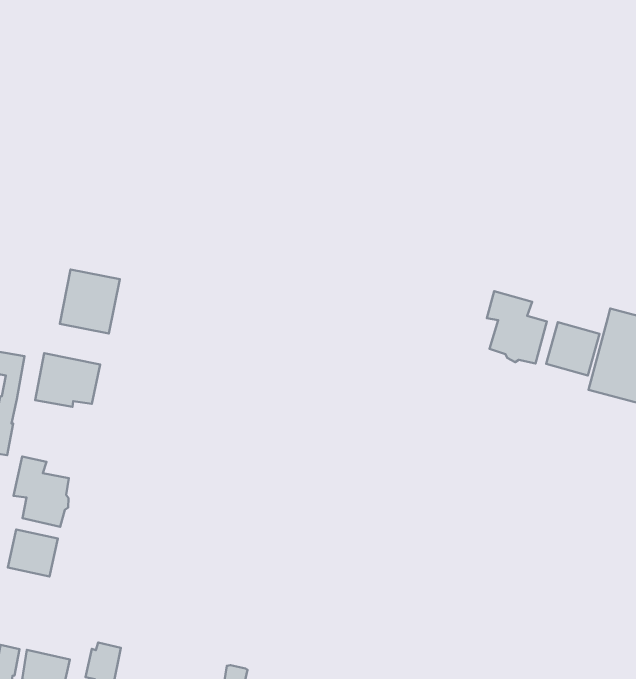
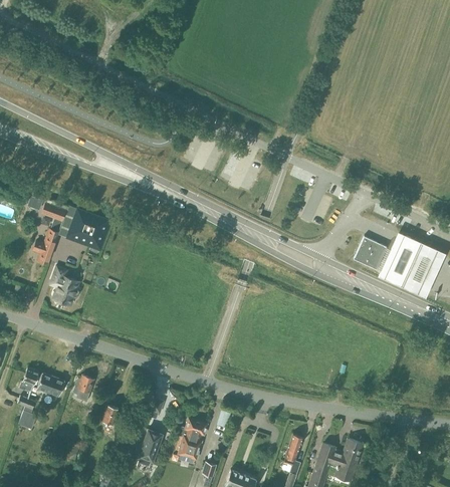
building: [60,269,120,334] -> none
building: [487,291,547,364] -> none
building: [8,529,58,577] -> none

